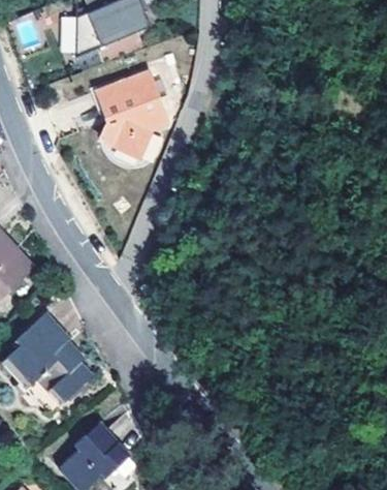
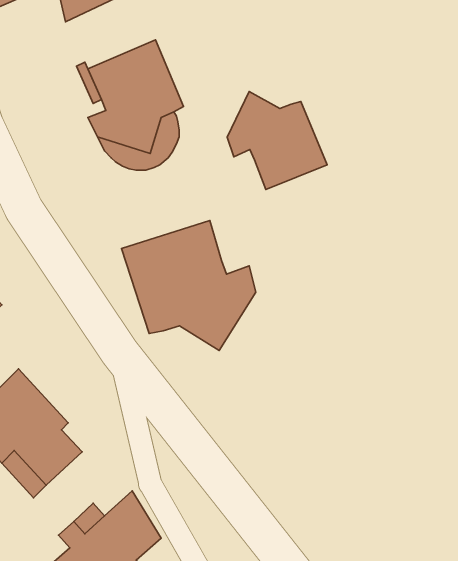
building: none -> [227,91,327,190]
building: none -> [121,220,256,351]

